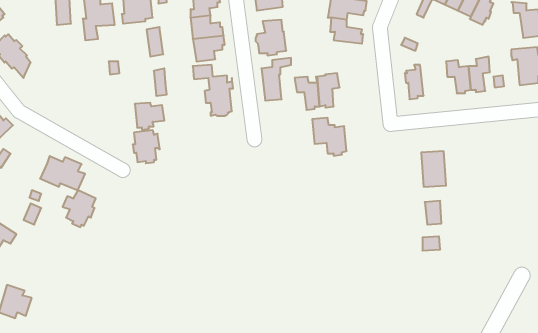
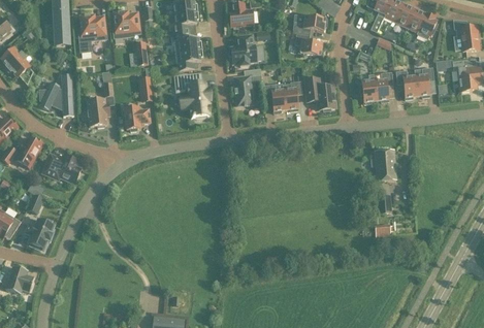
building: none -> [373,71,392,101]
building: none -> [38,73,74,116]
building: [312,118,347,156] -> [304,77,334,110]
building: [133,130,160,163] -> [86,98,109,127]
building: none -> [14,136,43,167]
building: [63,190,96,227] -> [25,218,54,250]

